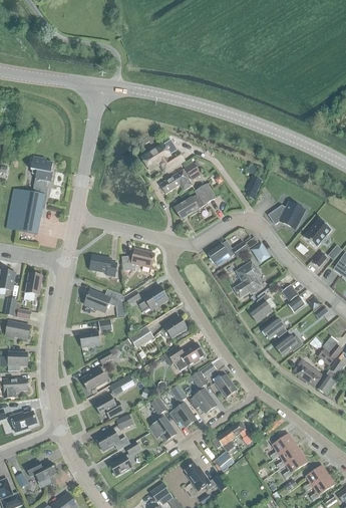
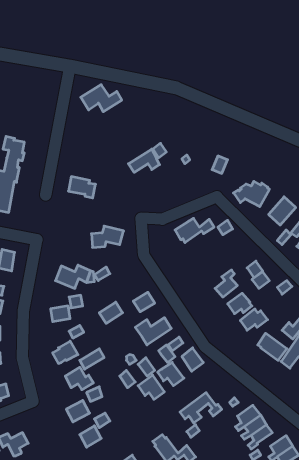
building: [141,144,184,172] -> [81,85,122,112]
building: [174,184,216,219] -> none
building: [89,254,117,276] -> [68,177,96,198]
building: [234,260,262,297] -> none
building: [138,284,168,311] -> none
building: [148,416,177,441] -> none

